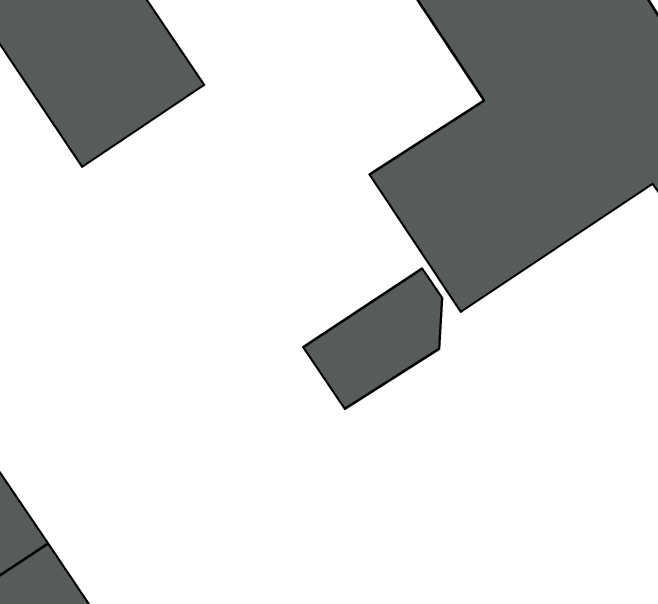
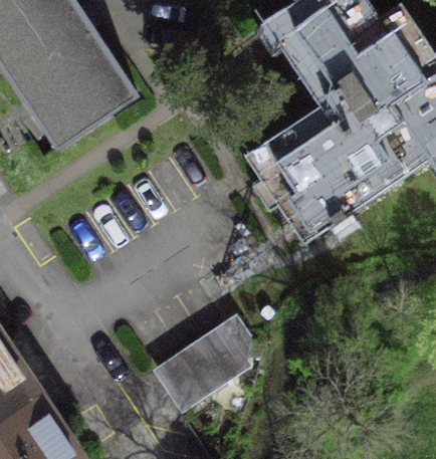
building: [303,268,442,409] -> [159,314,249,406]

